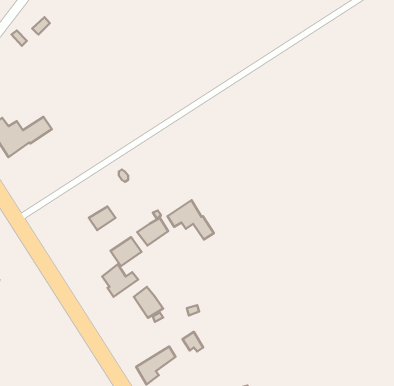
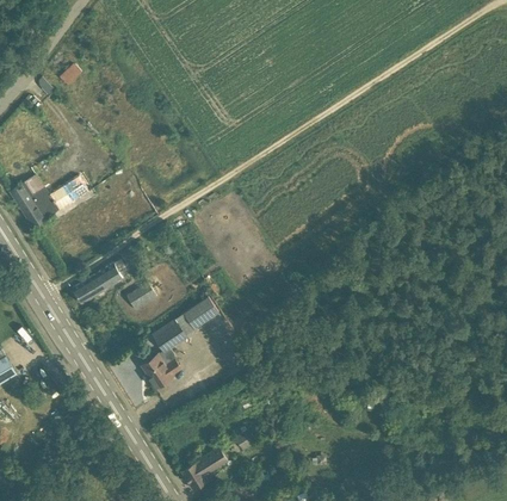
building: none -> [72,264,123,304]
building: [167,200,214,240] -> none
building: [134,287,163,318] -> none

